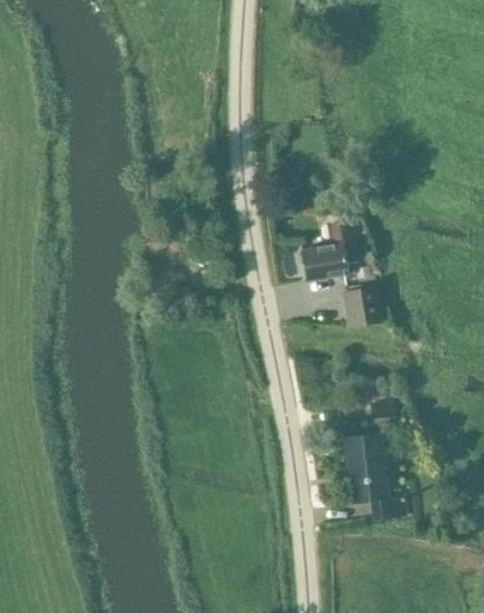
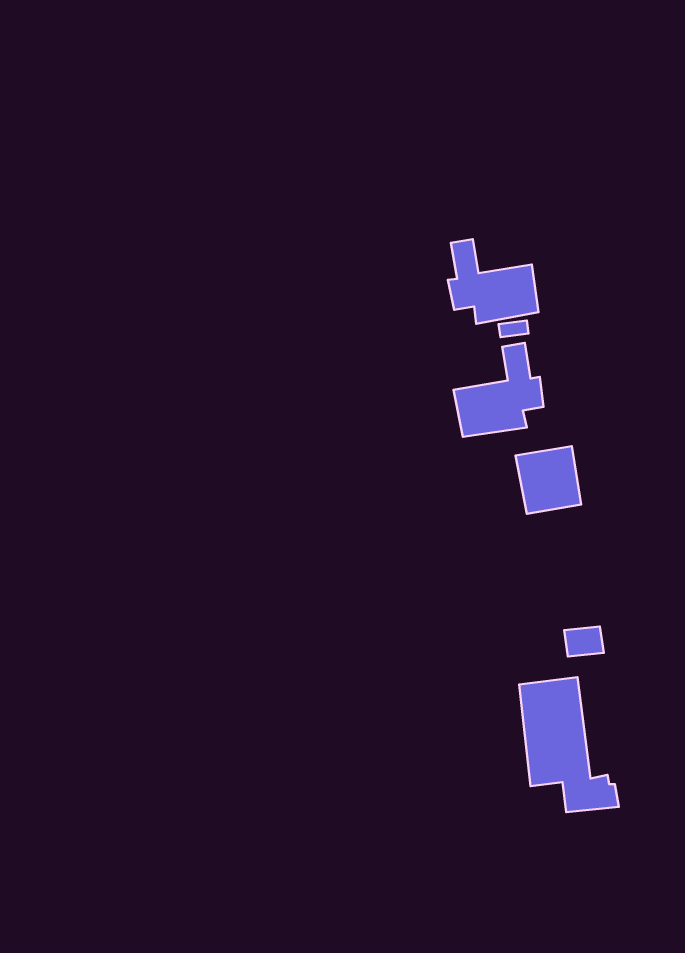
building: none -> [448,239,538,324]

